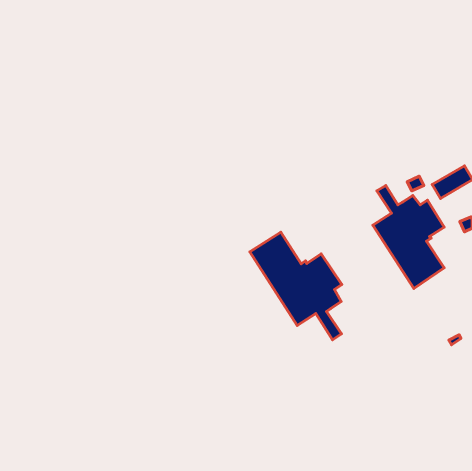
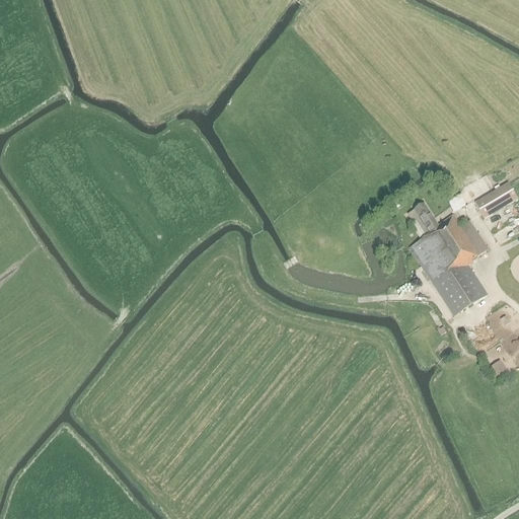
building: [250,232,342,340] -> none

